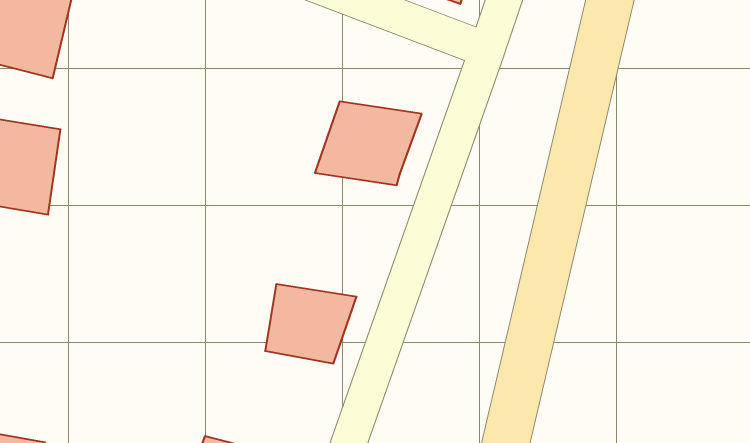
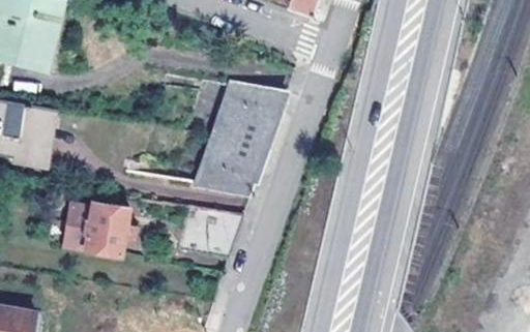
building: none -> [196,131,268,192]
building: none -> [62,202,127,254]

